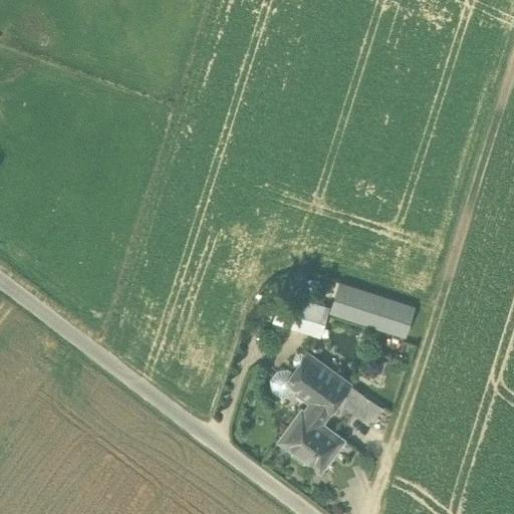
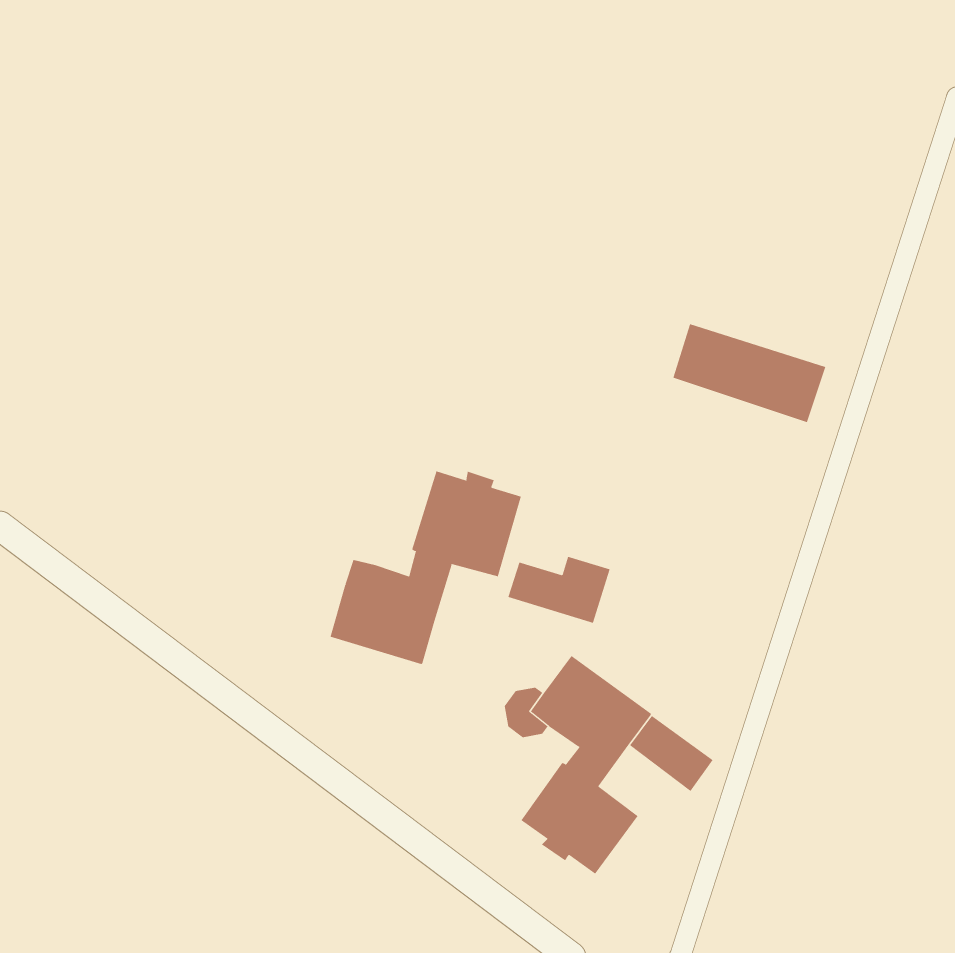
building: none -> [330,471,522,665]
building: [332,284,415,337] -> [673,324,826,423]

